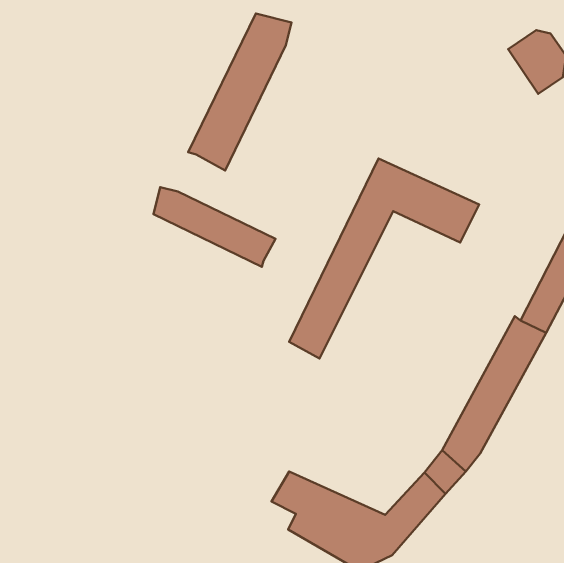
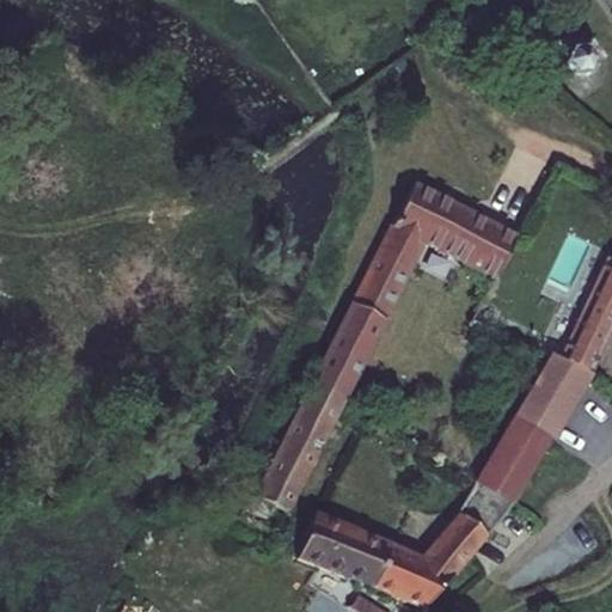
building: [188,13,291,171] -> none
building: [154,187,276,267] -> none
building: none -> [259,374,349,508]

